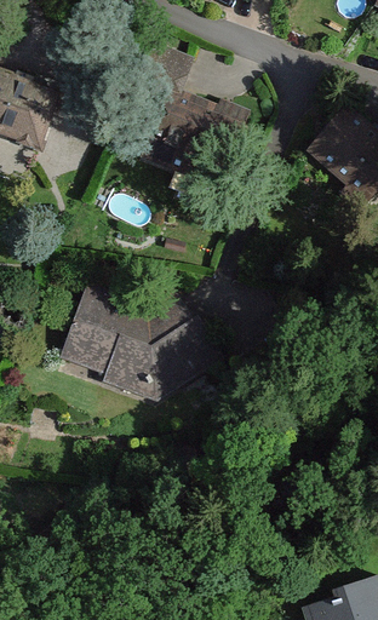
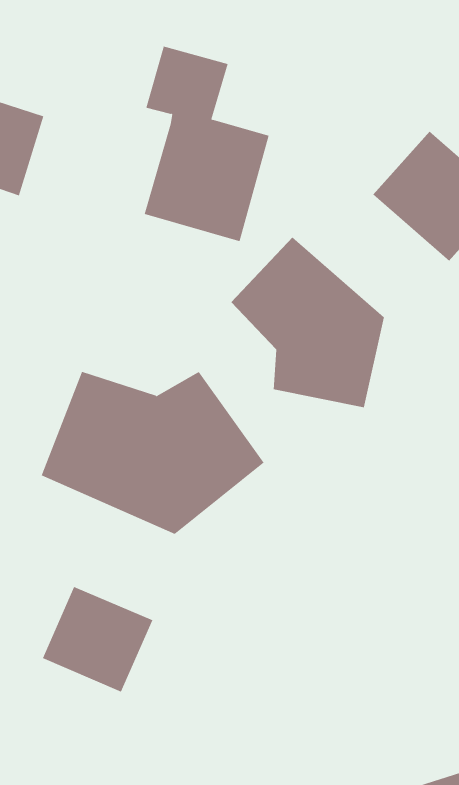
building: none -> [230,237,385,408]
building: none -> [42,586,153,692]

